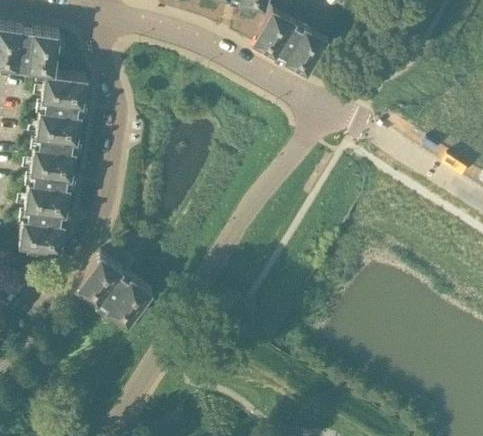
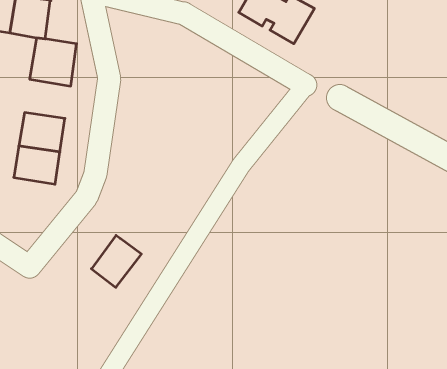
building: [37,113,84,153] -> none
building: [22,213,68,250] -> none
building: [79,253,130,306] -> none

